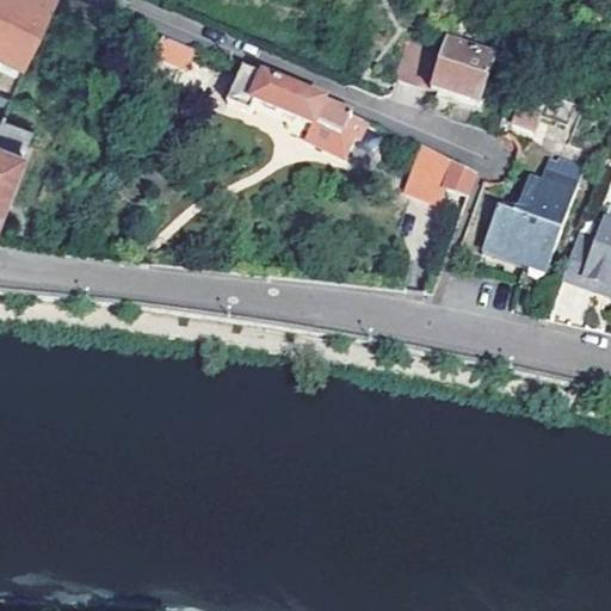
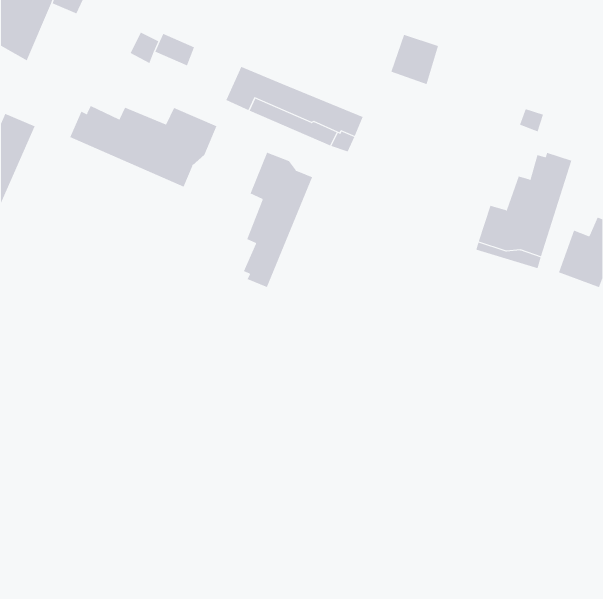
building: [432,39,495,101] -> none
building: none -> [70,105,217,187]
building: [408,146,476,202] -> none
building: none -> [243,152,313,288]

